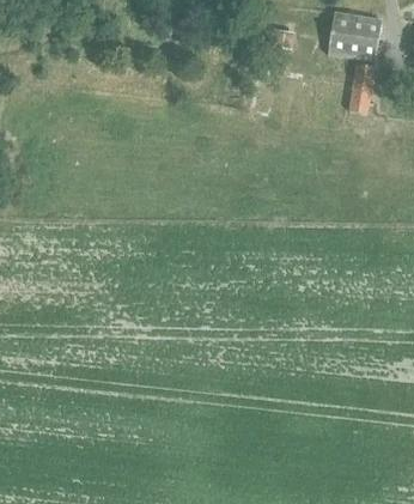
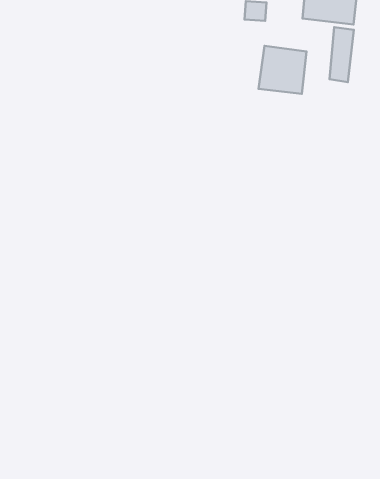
building: none -> [259,46,306,94]

